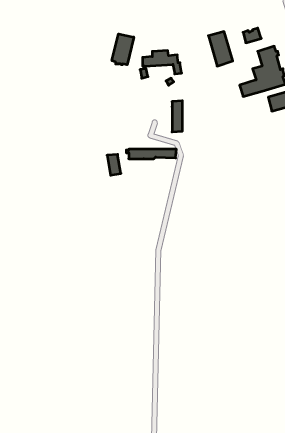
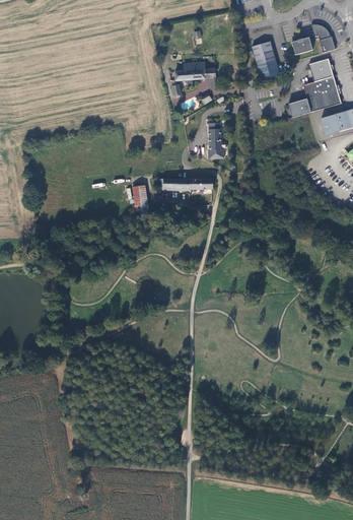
building: none -> [310,23,335,52]
building: [112,34,134,65] -> none

